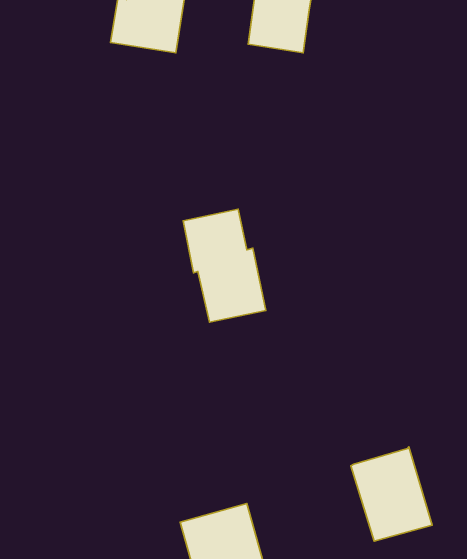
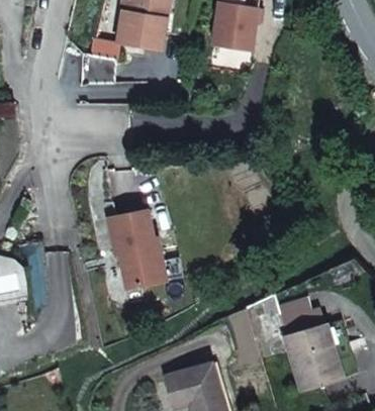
building: [183,209,266,322] -> [108,210,166,289]
building: none -> [277,299,323,336]

